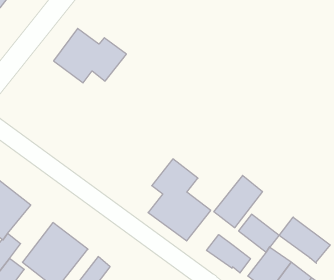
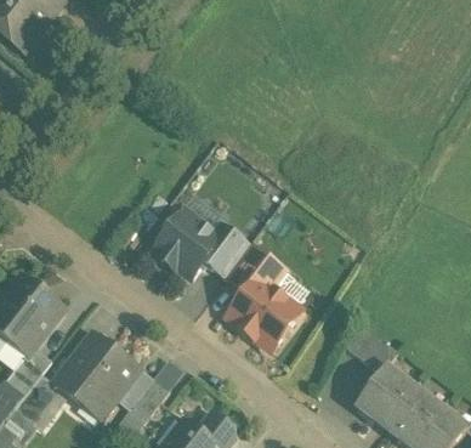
building: [54,28,126,83] -> [152,198,248,270]
building: [214,175,262,228] -> none
building: [279,217,330,263] -> none
building: [207,235,250,273] -> none

